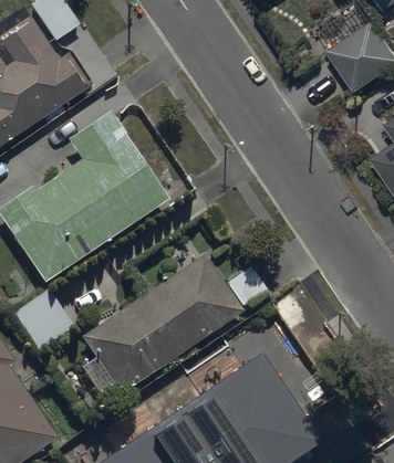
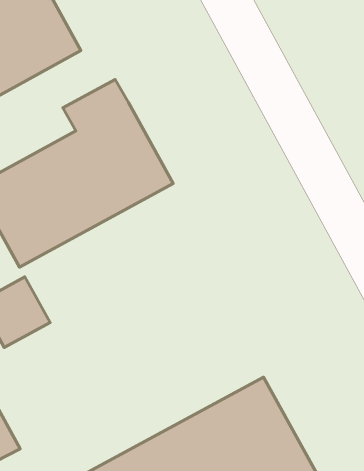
building: [81,254,241,392] -> none

